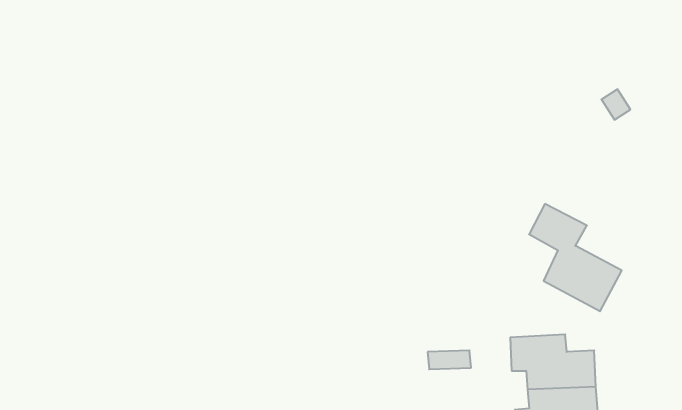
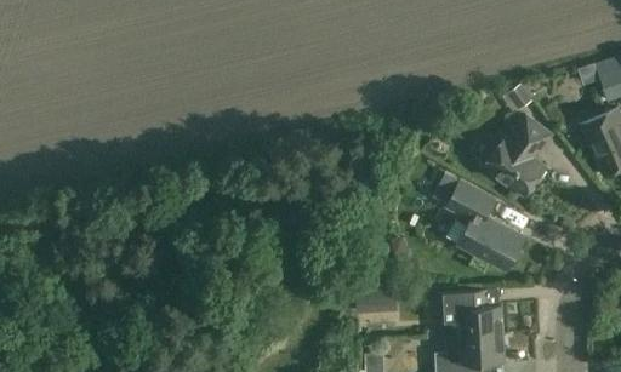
building: none -> [484,115,551,195]

